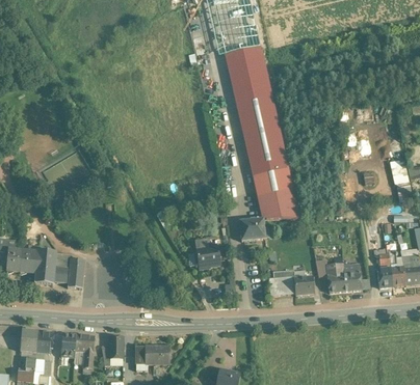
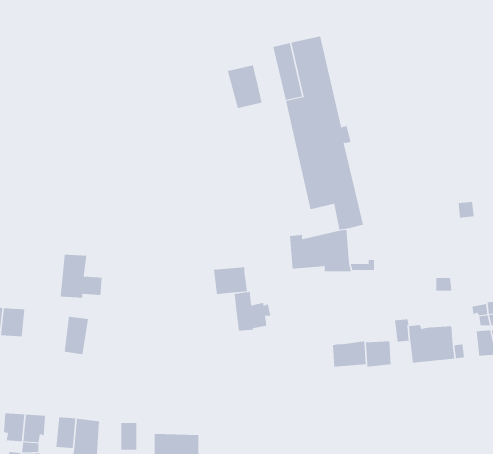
building: none -> [227,64,262,109]
building: [239,219,265,240] -> [213,267,248,294]
building: [35,250,68,283] -> [60,254,103,298]

